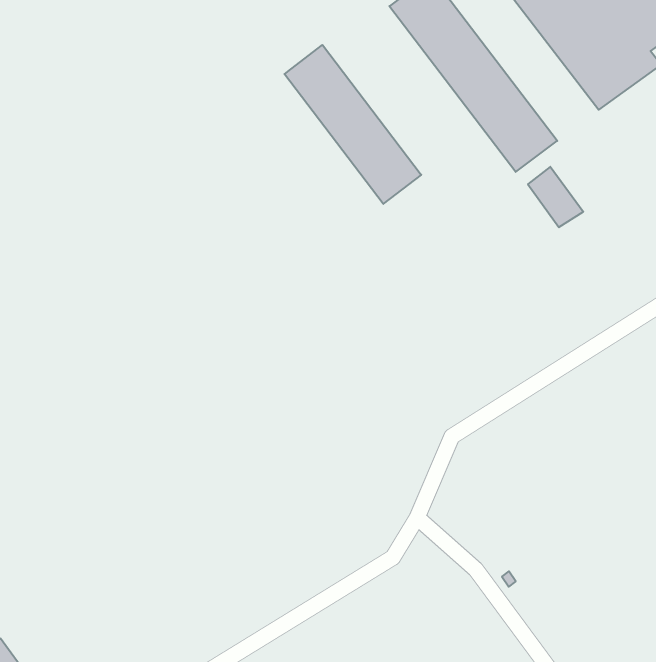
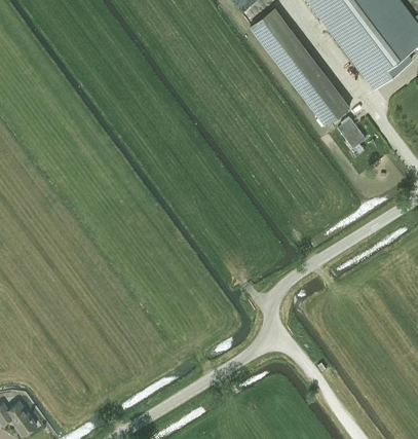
building: [284,45,421,204] -> none

